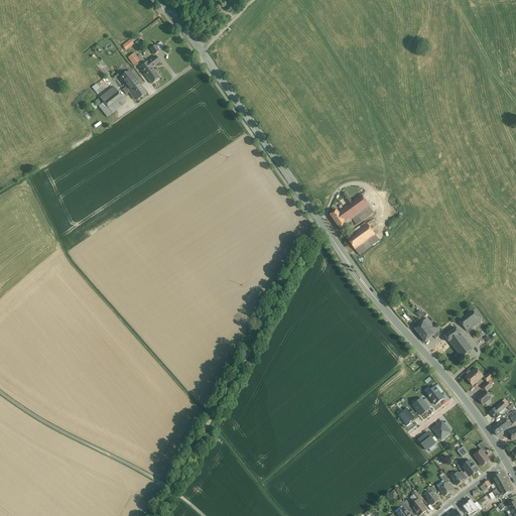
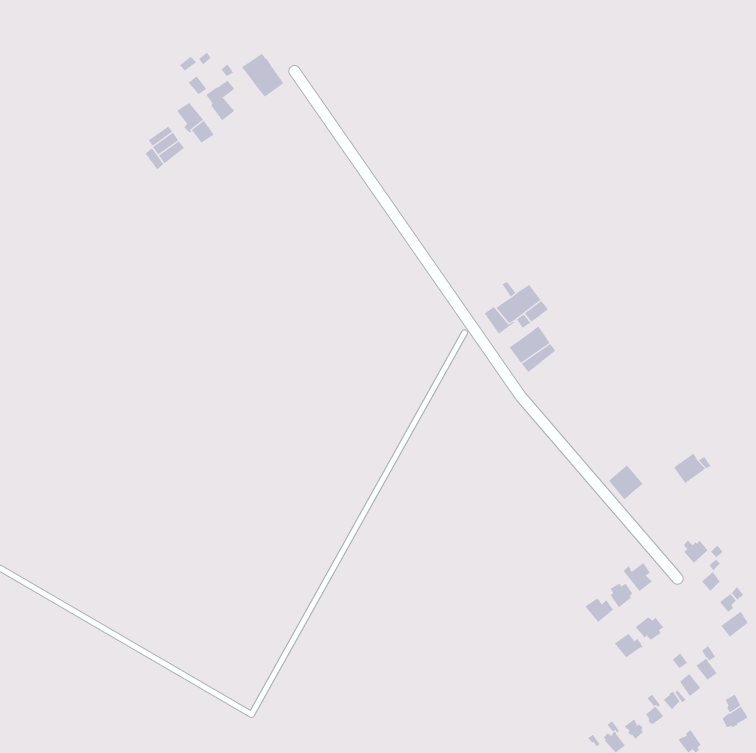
building: none -> [241,53,284,98]
building: [444,327,473,357] -> none

